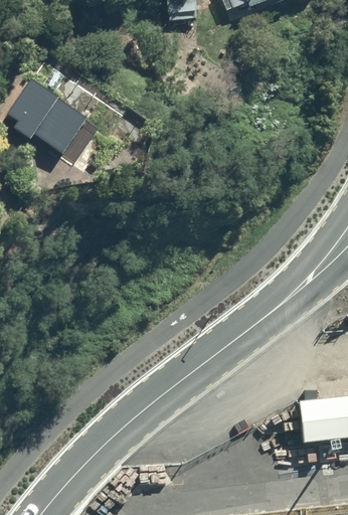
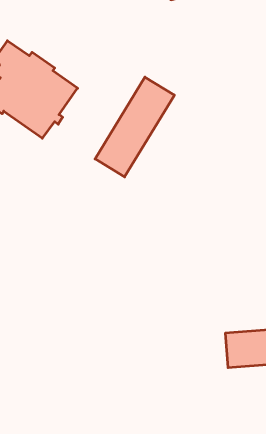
building: none -> [95,77,174,177]

